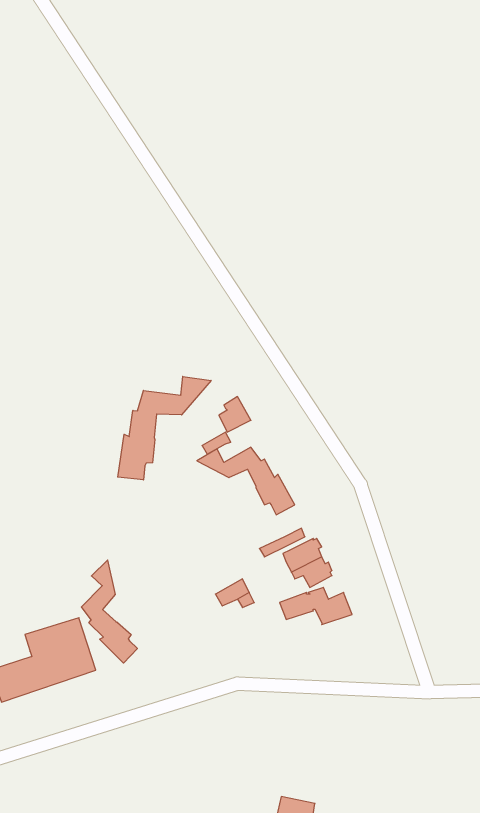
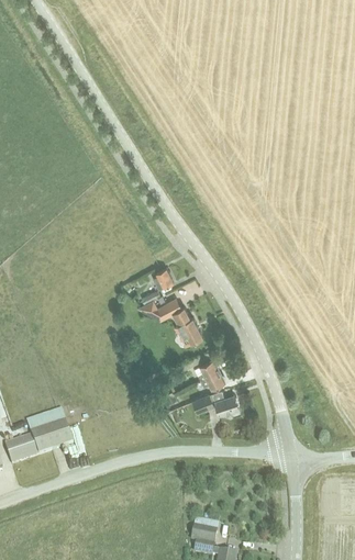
building: [118,376,211,480] -> none
building: [81,560,137,663] -> none

